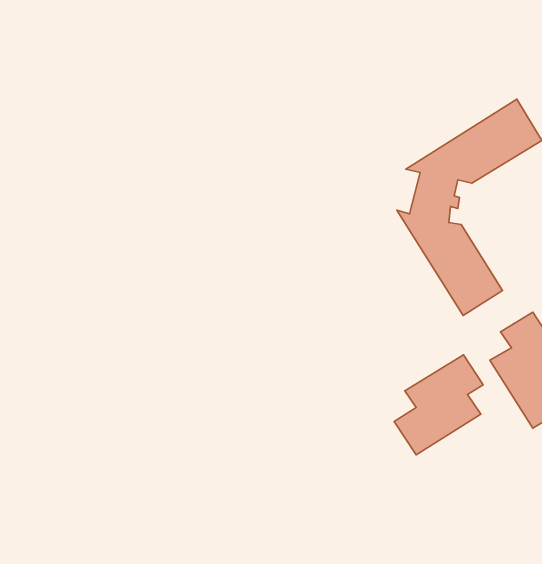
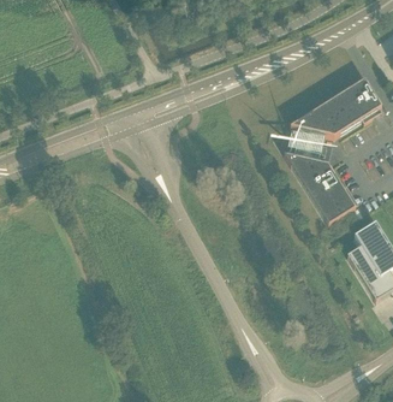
building: [394,355,483,455] -> none

